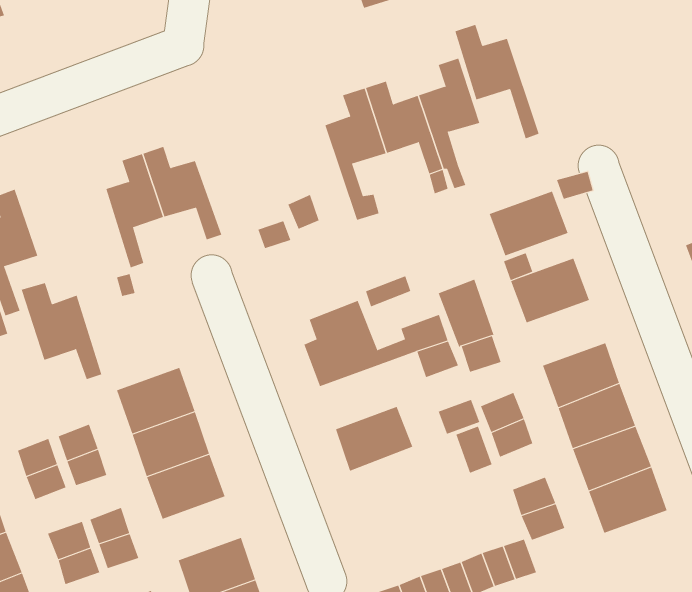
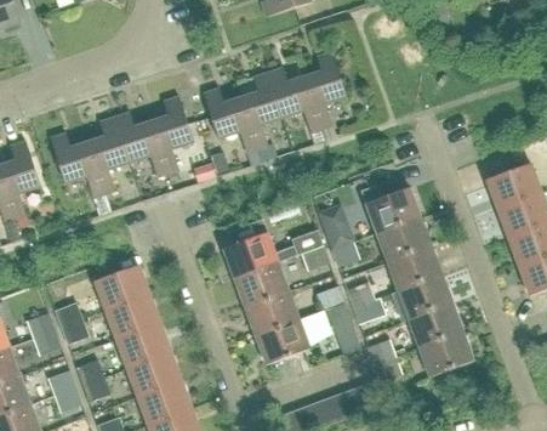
building: [455,24,539,139] -> [201,87,260,166]
building: none -> [149,95,192,172]
building: [489,191,568,256] -> [376,217,431,262]
building: [21,283,102,380] -> [49,132,104,199]
building: none -> [234,261,287,306]
building: none -> [255,318,309,364]
building: none -> [126,352,181,396]

